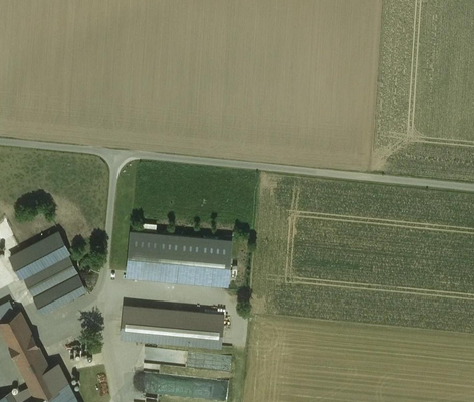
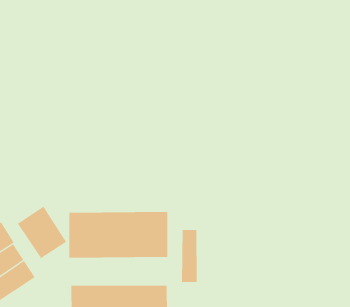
building: none -> [18,206,67,259]
building: none -> [182,229,197,283]

